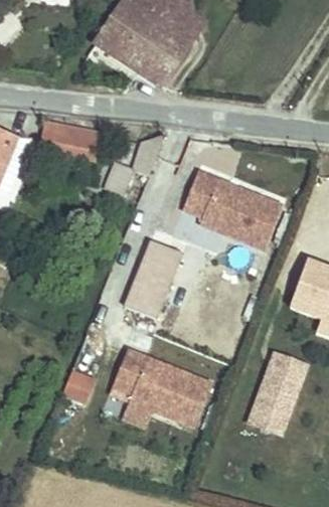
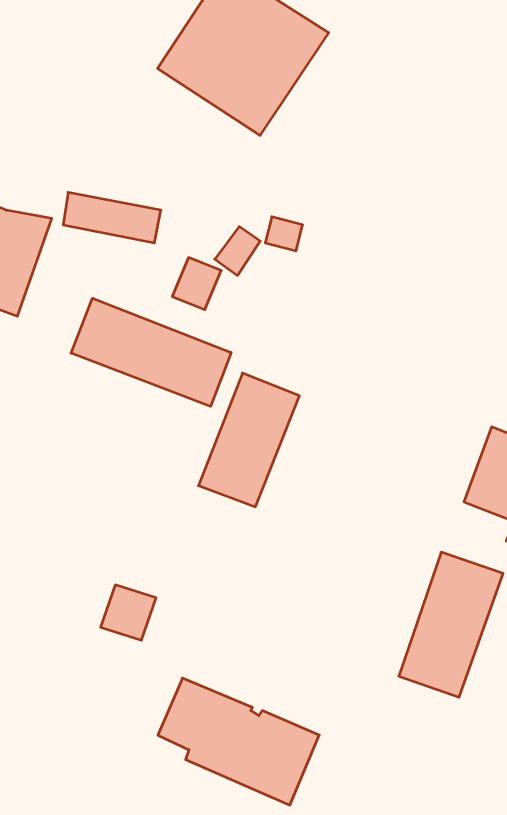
building: [181,174,281,252] -> none
building: none -> [71,298,231,406]
building: [108,351,207,430] -> [158,678,319,805]

